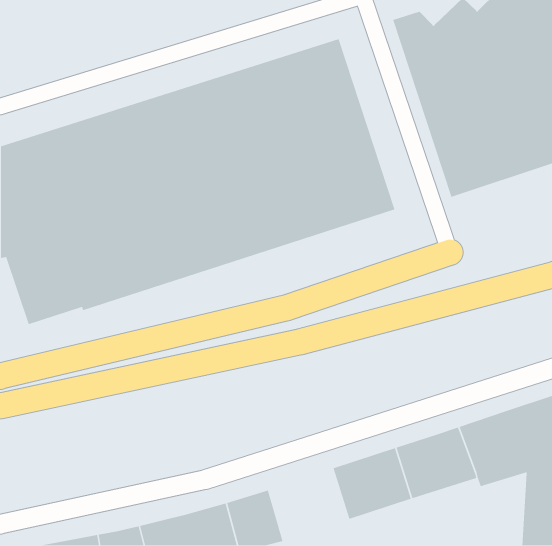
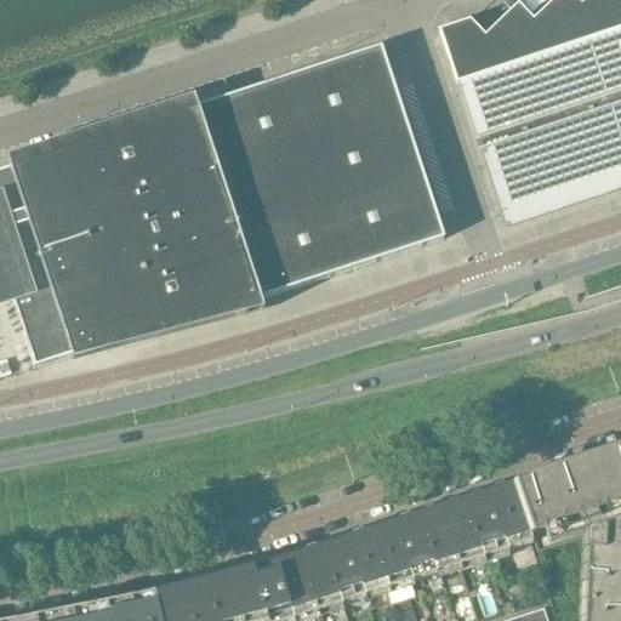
building: none -> [303,522,393,604]

